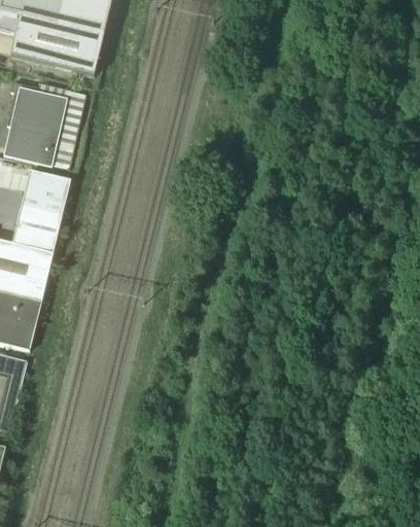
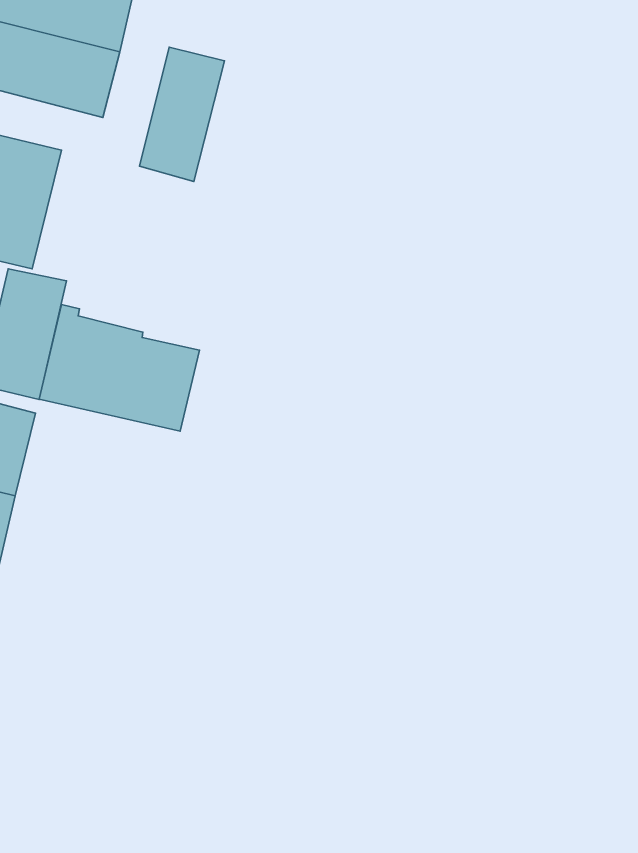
building: none -> [140,47,224,182]
building: none -> [39,304,199,431]

